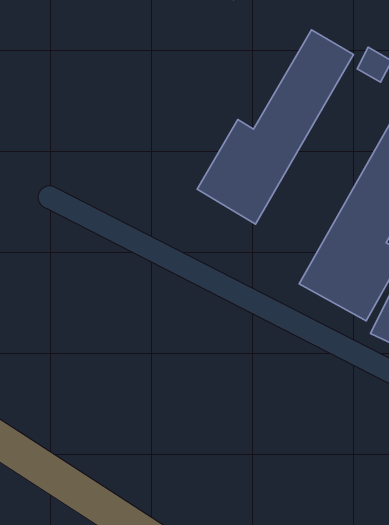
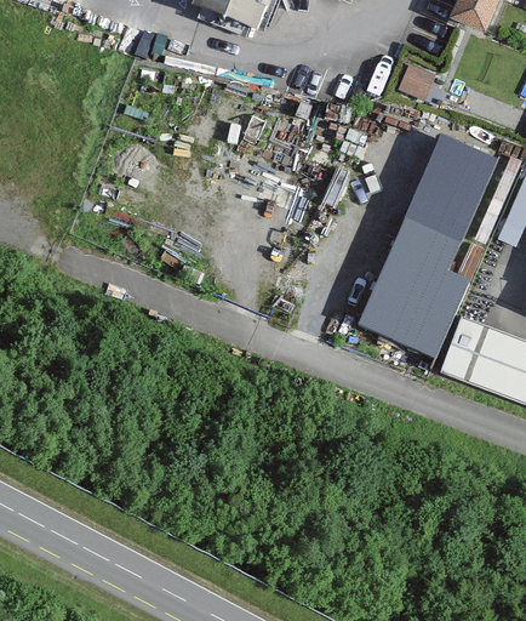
building: [197,30,354,224] -> none

